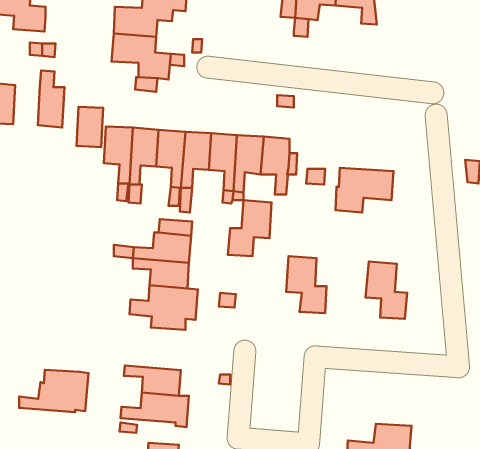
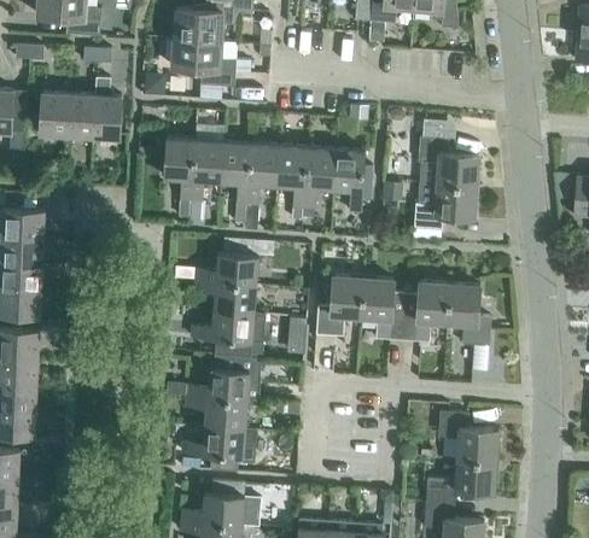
building: [76,107,103,147] -> [66,94,95,138]
building: none -> [419,138,479,187]
building: [228,200,272,256] -> [316,276,363,337]
building: none -> [403,282,450,343]
building: [19,370,89,412] -> [187,356,262,402]
building: none -> [438,413,498,462]

